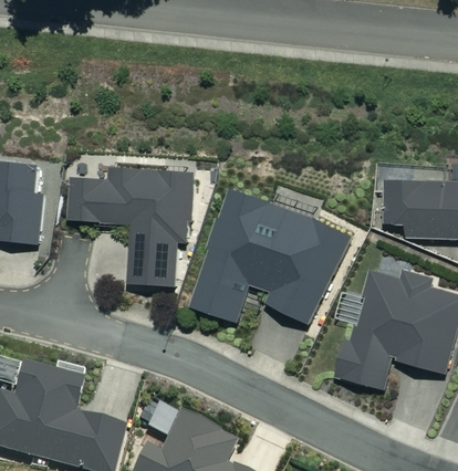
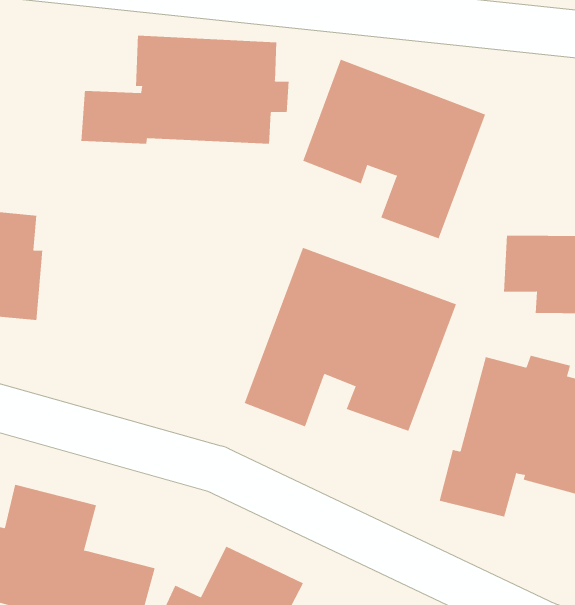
building: none -> [81,35,289,145]
building: none -> [302,59,486,239]
building: [69,166,195,284] -> none

